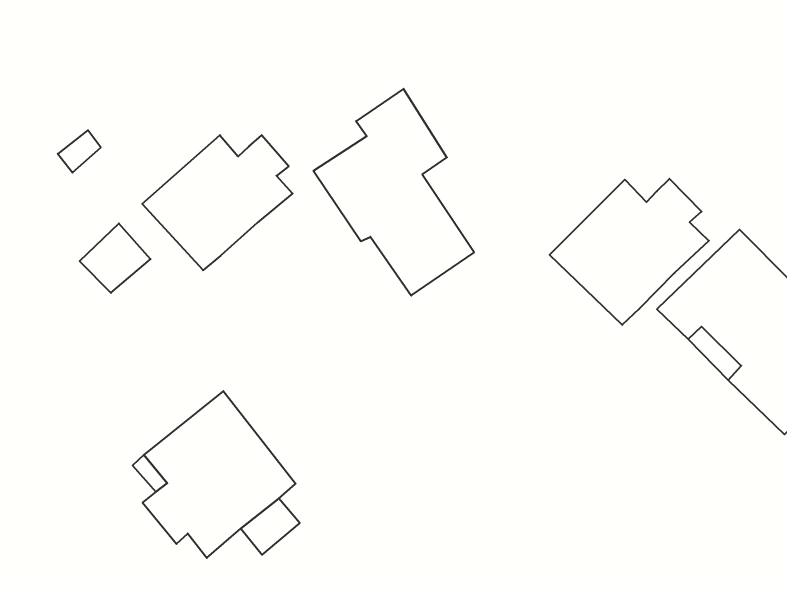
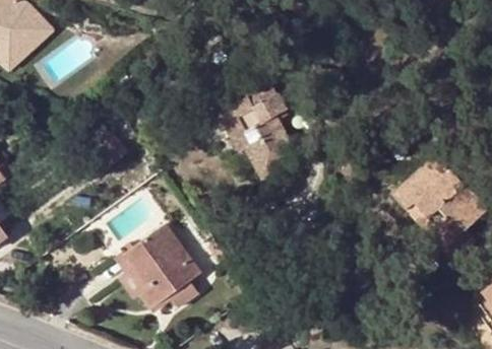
building: [142,135,293,270] -> none
building: [550,179,709,325] -> none

